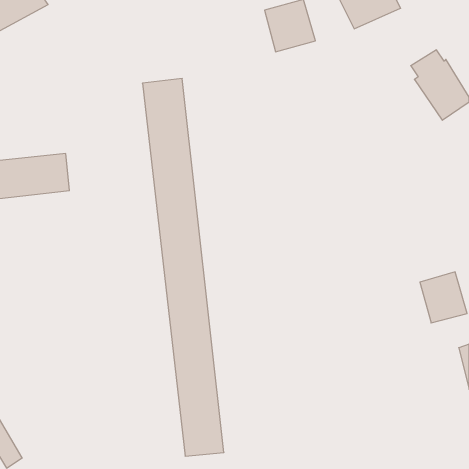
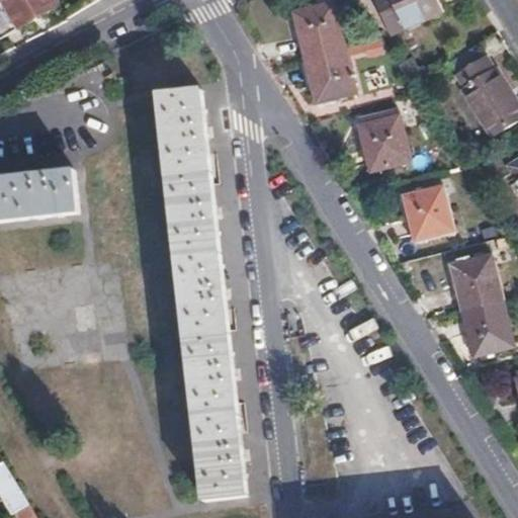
building: none -> [301,45,357,101]
building: none -> [356,114,409,170]
building: none -> [400,183,453,241]
building: none -> [447,253,498,309]

